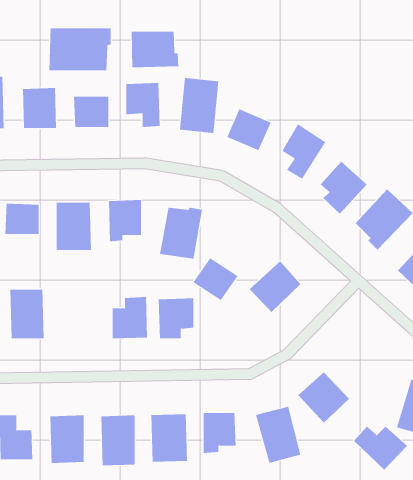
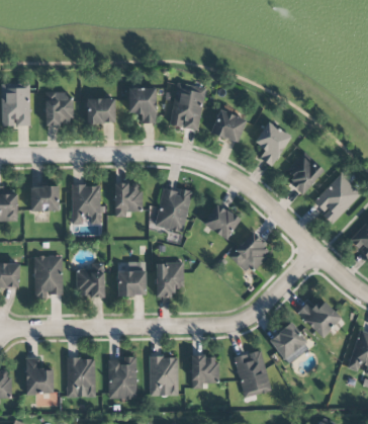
building: [49,27,111,71] -> none
building: [131,31,179,68] -> none
building: [192,257,239,301] -> [203,203,241,239]
building: none -> [77,263,105,296]
building: [353,426,408,471] -> [297,301,342,337]

